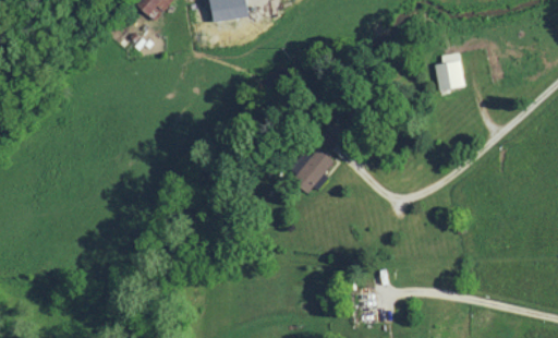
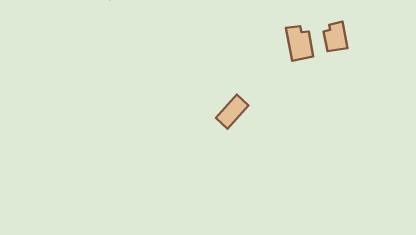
building: none -> [286,26,313,61]

